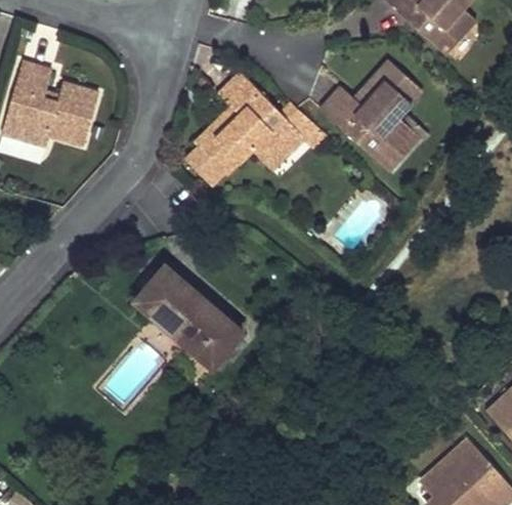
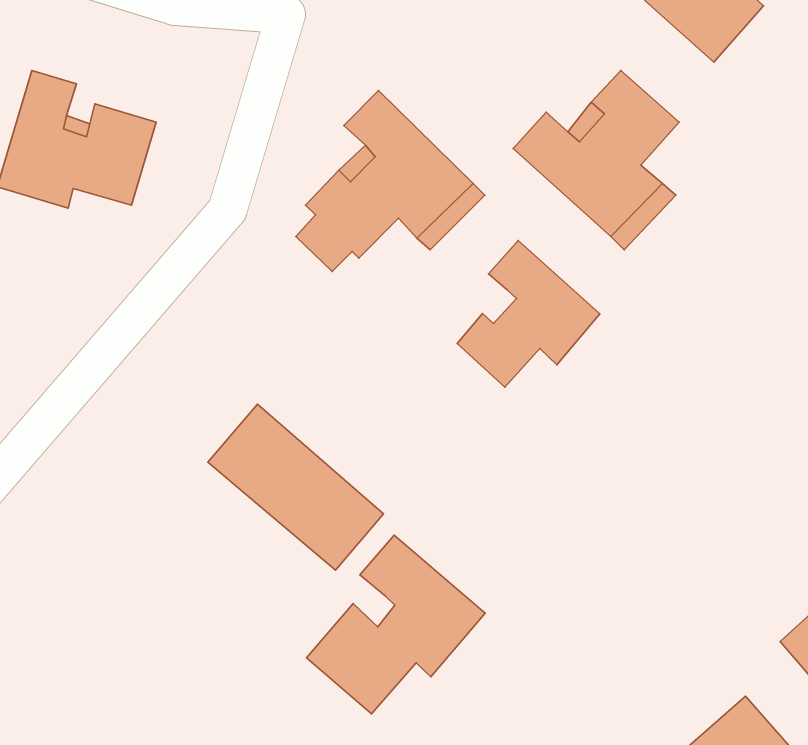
building: none -> [457,240,600,387]
building: none -> [306,535,485,714]

